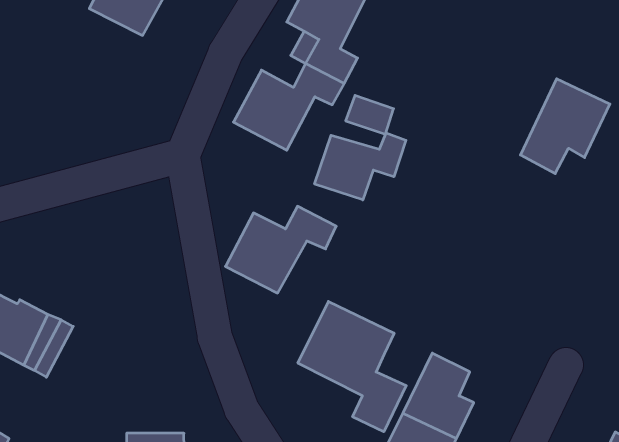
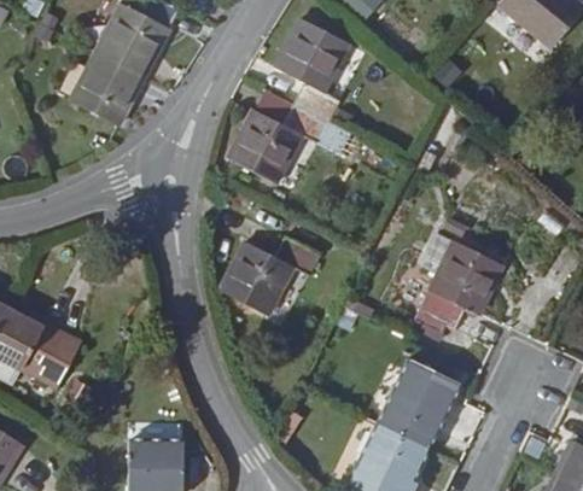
building: none -> [69,54,144,127]
building: [520,79,610,174] -> [420,239,501,325]
building: [315,133,406,200] -> none
building: [298,301,406,432] -> none

